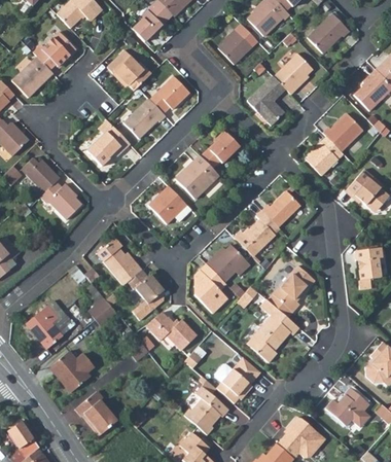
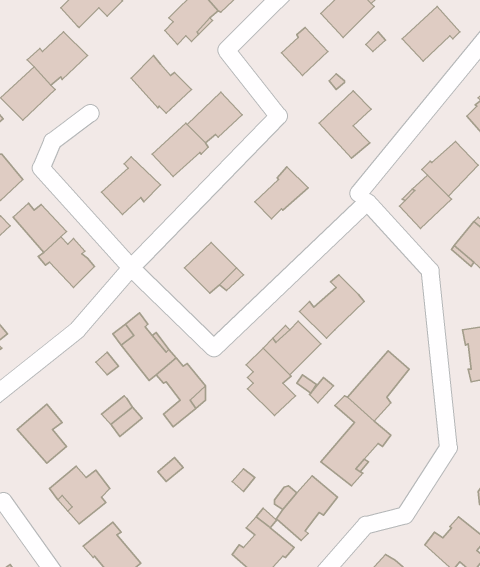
building: [273,52,312,94] -> none
building: [176,155,219,199] -> none
building: [261,188,297,224] -> none
building: [145,313,197,351] -> none

